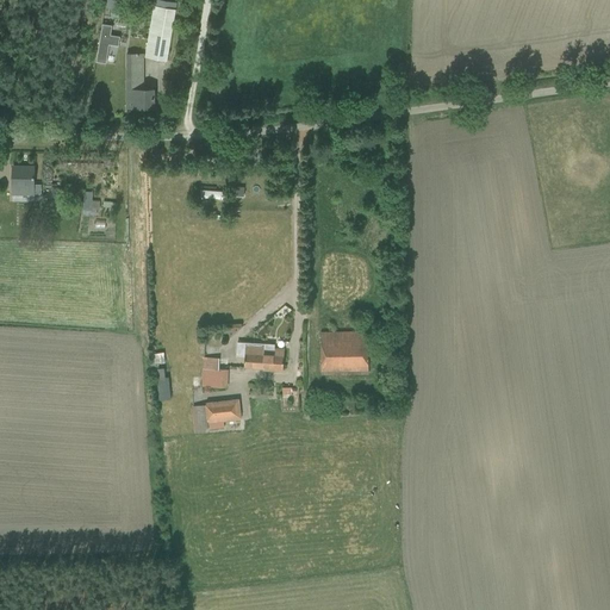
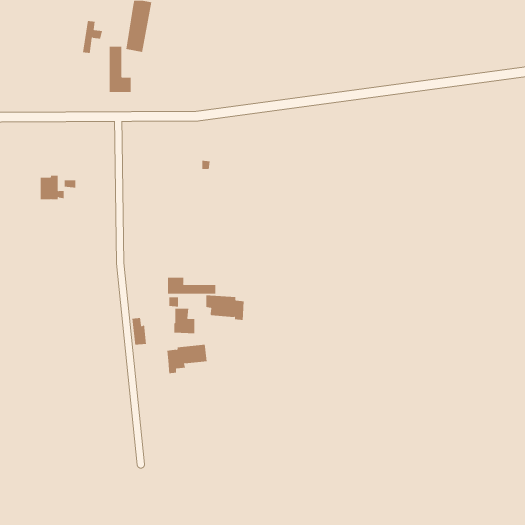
building: [12,167,41,195] -> [40,175,65,200]
building: none -> [168,277,216,295]
building: [320,331,376,375] -> none

